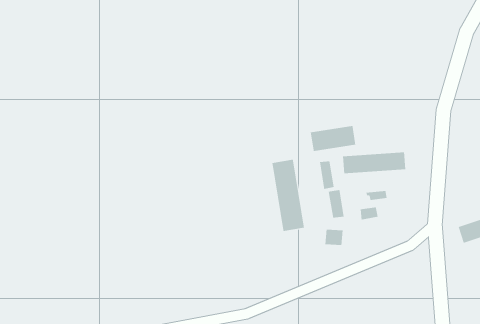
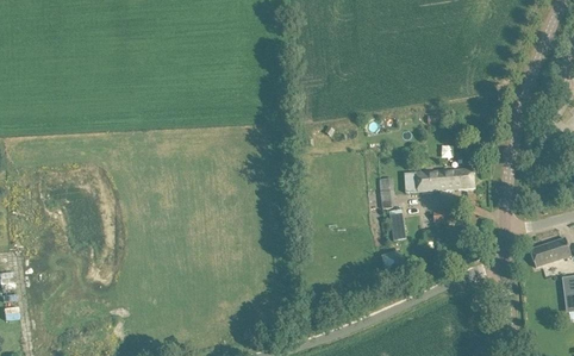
building: [310,125,356,152] -> none
building: [272,159,304,232] -> none

